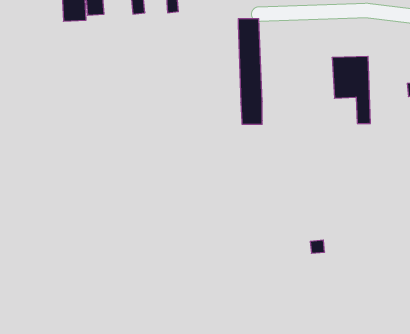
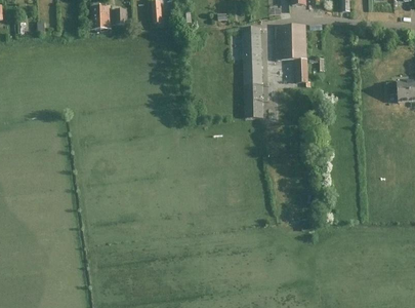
building: [332,56,370,123] -> [275,23,307,80]

